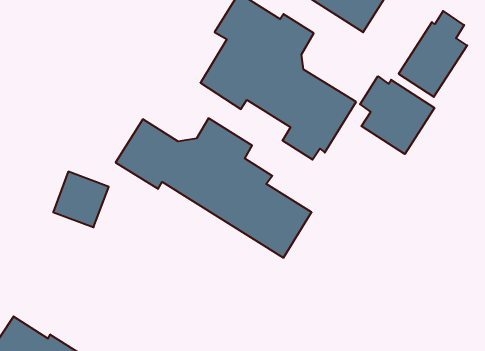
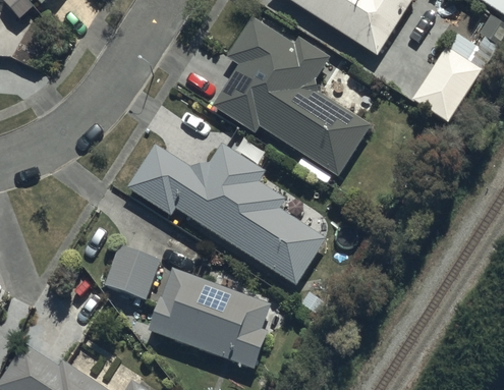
building: [360,76,434,154] -> none
building: [53,172,109,227] -> [104,243,160,299]
building: none -> [149,269,270,370]

